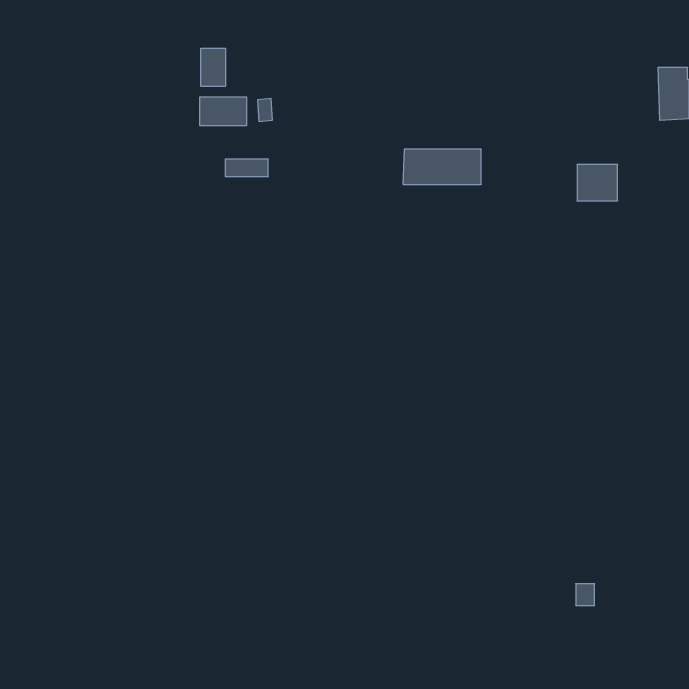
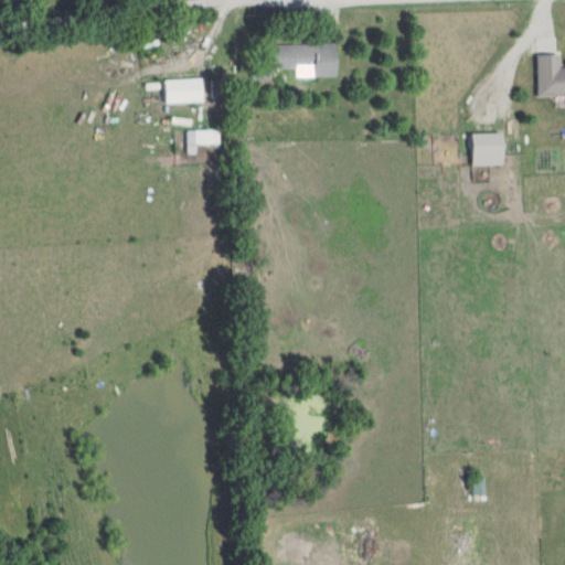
building: [201,48,225,86] -> none
building: [403,149,481,184] -> [273,45,337,74]

